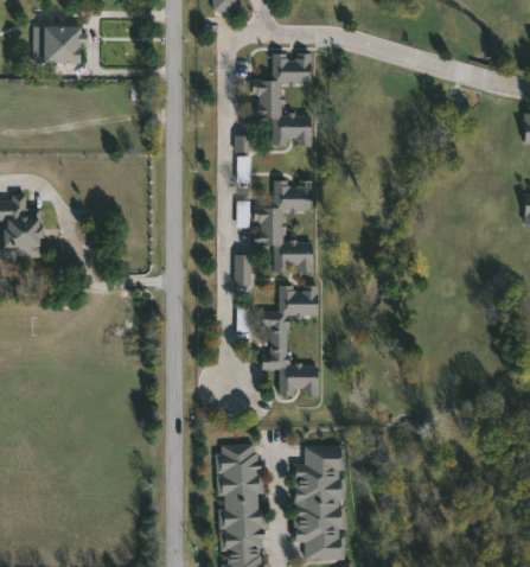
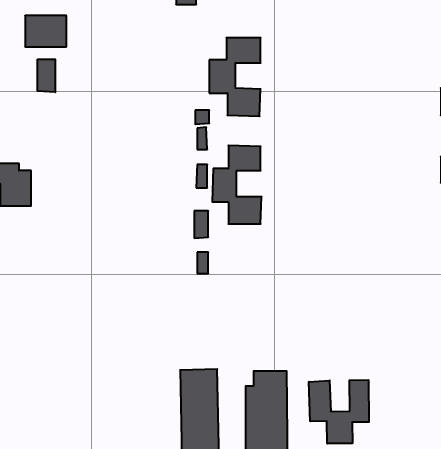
building: none -> [38,59,55,92]
building: [262,286,319,396] -> none
building: none -> [309,380,369,444]

